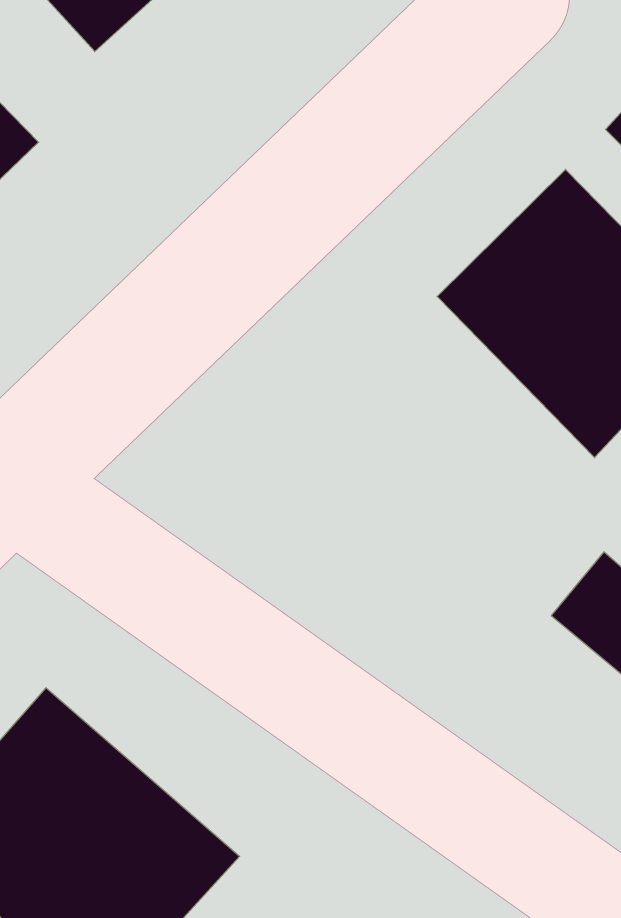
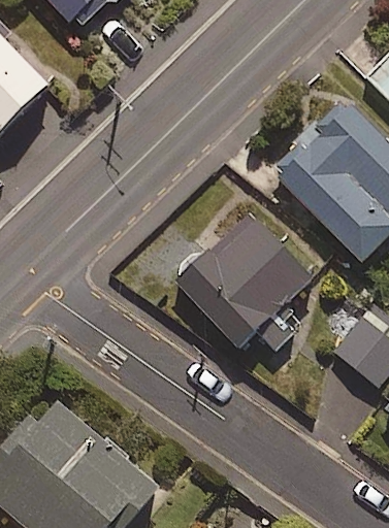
building: none -> [179,216,311,352]

